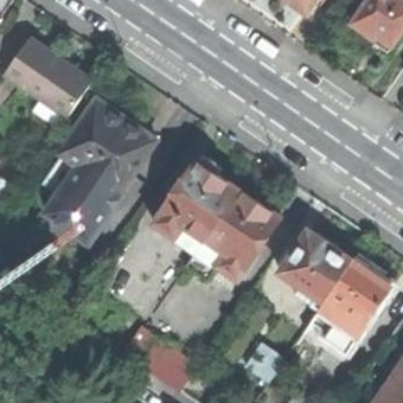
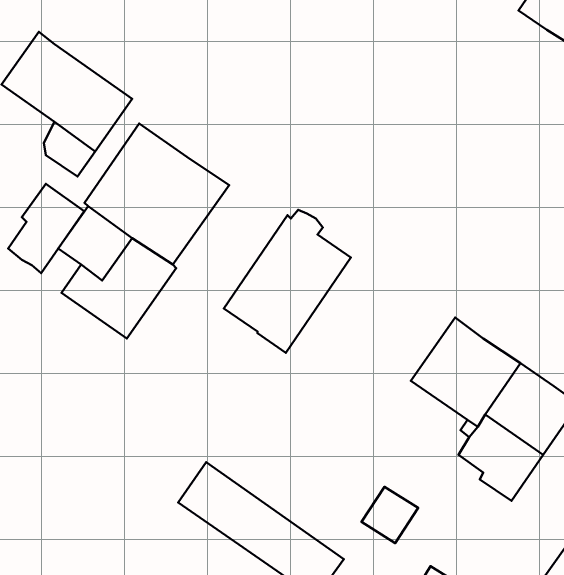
building: none -> [8,184,84,273]
building: [194,188,280,280] -> none

